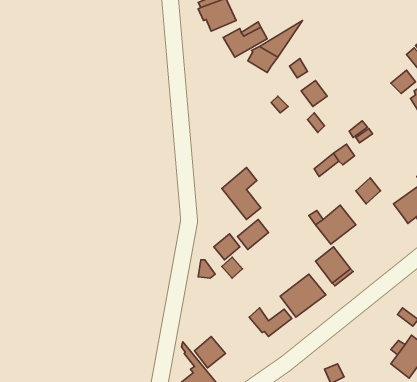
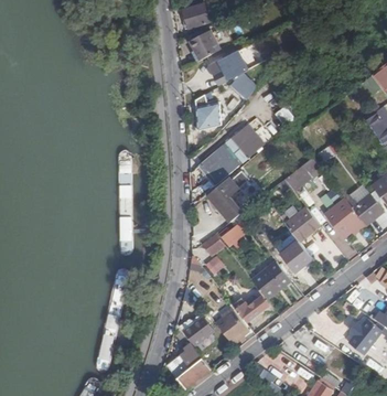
building: none -> [193,96,221,131]
building: none -> [200,128,259,184]
building: none -> [325,200,363,238]
building: none -> [214,307,249,344]

